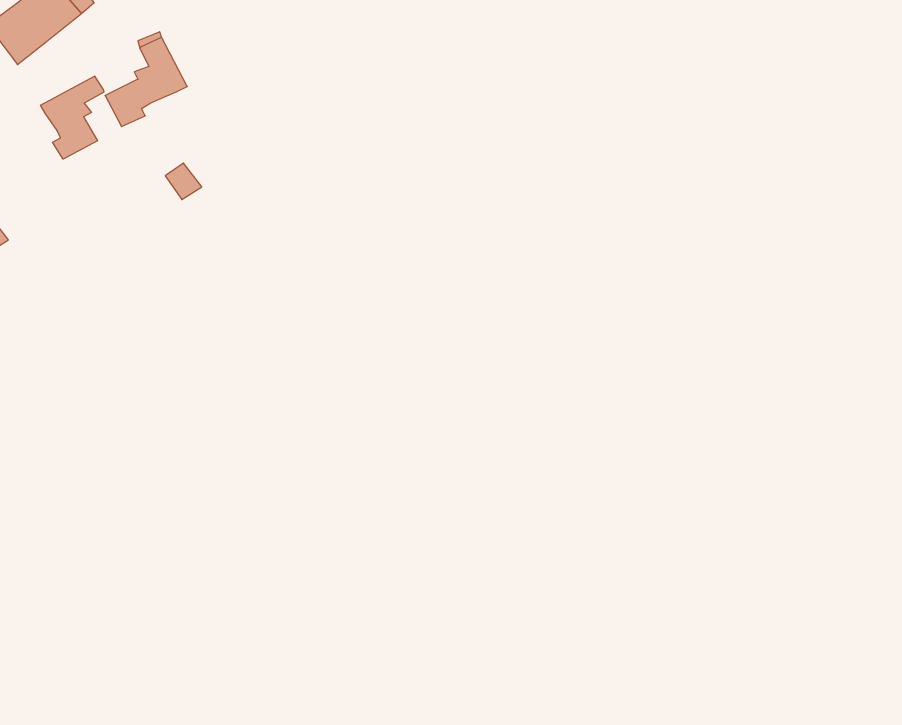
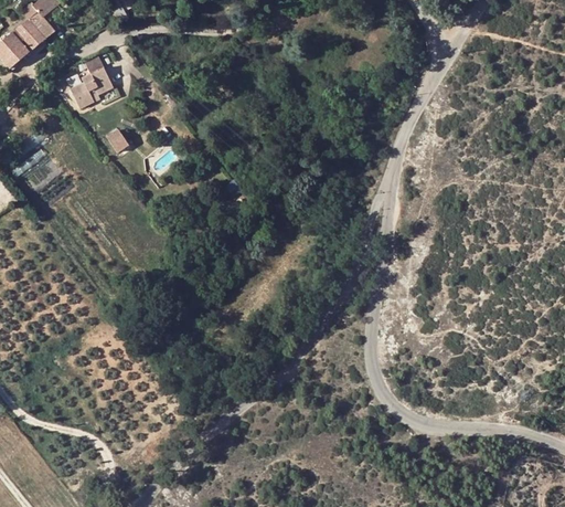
building: [41,76,104,159] -> none

